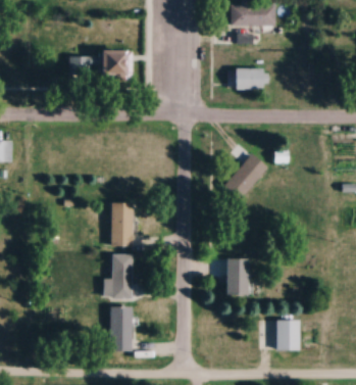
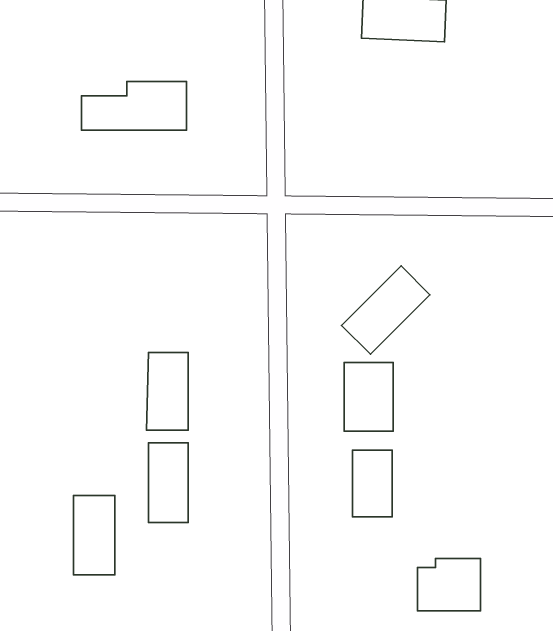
building: [235,68,264,89] -> none
building: none -> [344,363,393,431]
building: [110,306,134,351] -> [73,495,115,575]

